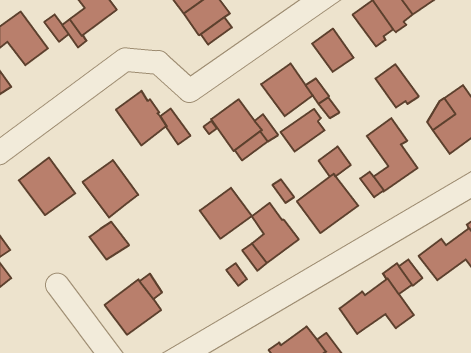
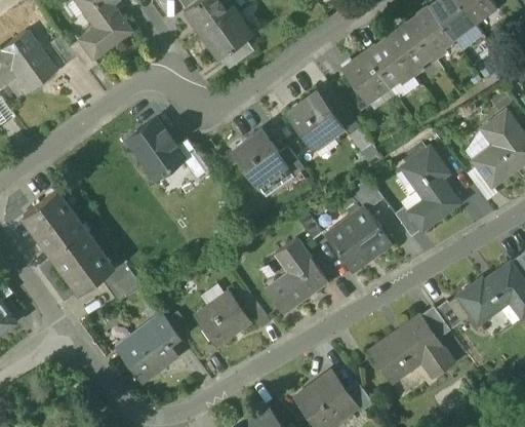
building: [375,64,419,108] -> [364,35,411,82]
building: [281,109,325,152] -> none
building: [83,160,138,218] -> [51,230,112,293]
building: [200,188,252,239] -> [195,293,251,348]

